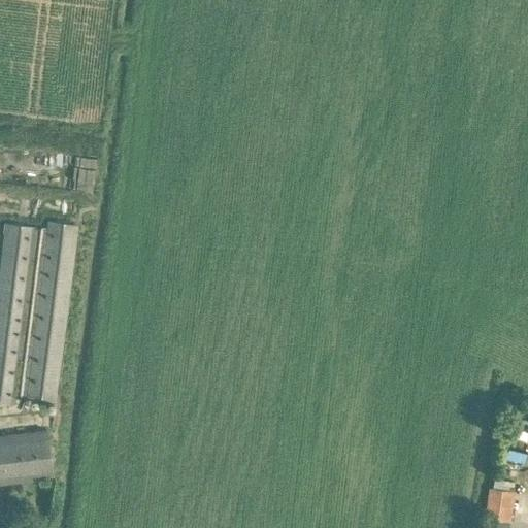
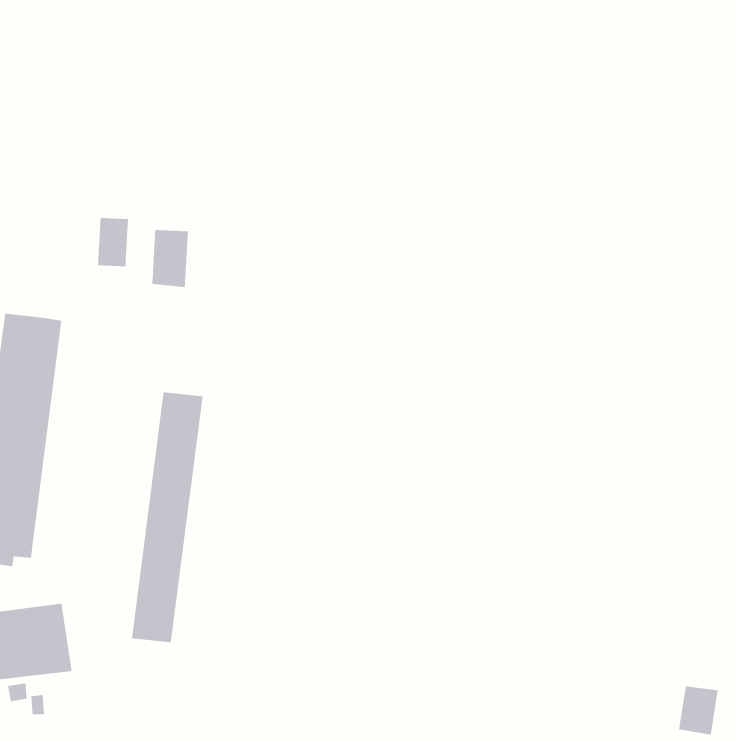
building: none -> [152,229,189,288]
building: [23,221,74,399] -> [131,392,204,643]

